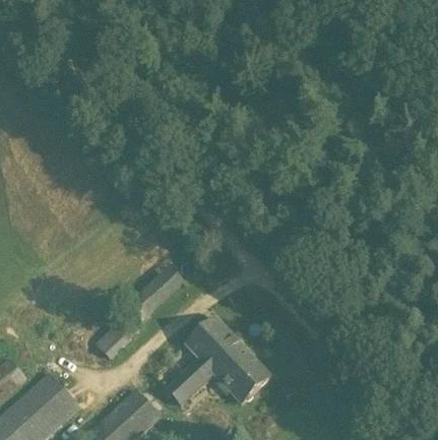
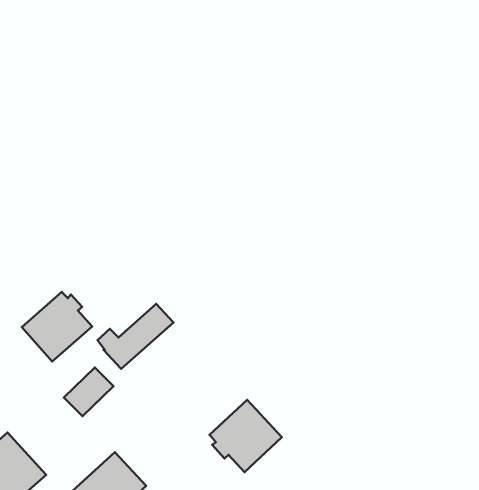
building: none -> [22,292,92,362]
building: [165,315,244,406] -> none

